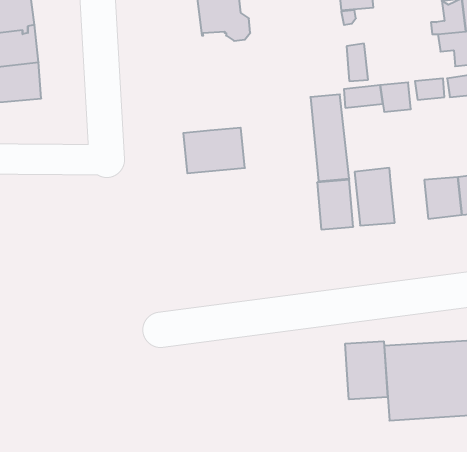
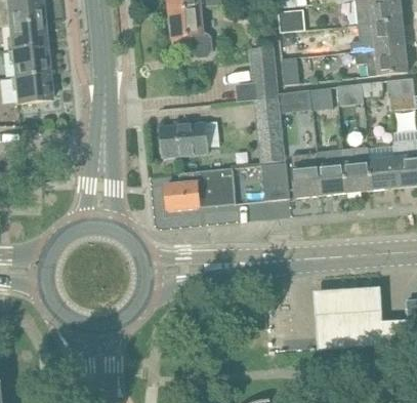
building: none -> [251,46,279,98]
building: none -> [318,162,346,195]
building: none -> [165,167,234,210]
building: [345,341,388,399] -> none

